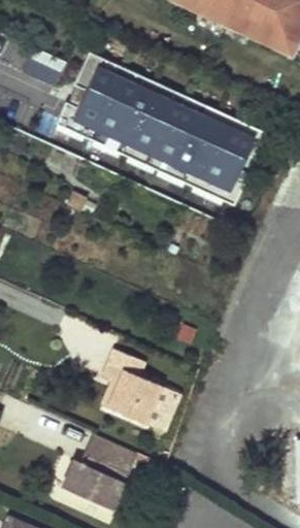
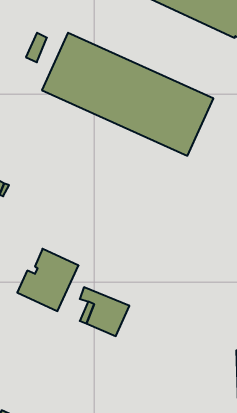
building: [146,386,182,431] -> none
building: [62,432,137,508] -> [17,249,79,311]

